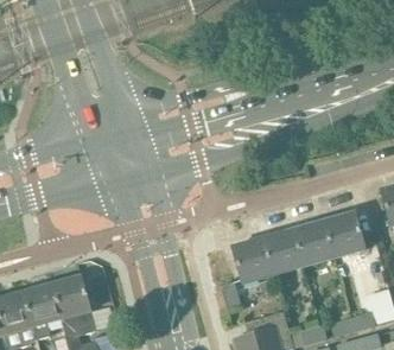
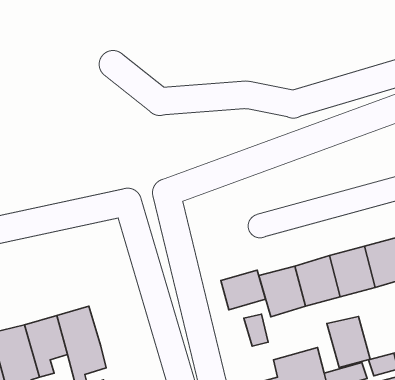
building: none -> [221,270,265,310]
building: none -> [327,317,370,368]

